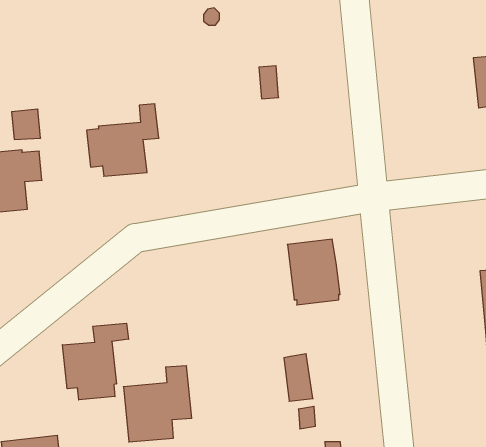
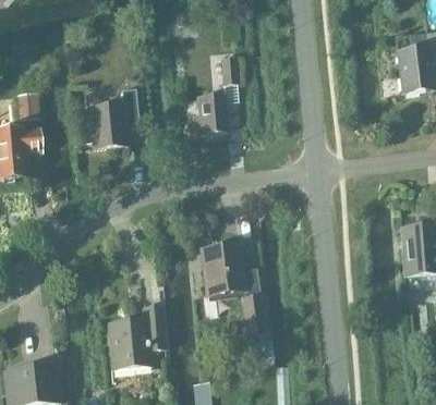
building: none -> [193,94,228,134]
building: [287,239,340,305] -> [201,244,244,298]
building: [62,323,129,400] -> none

